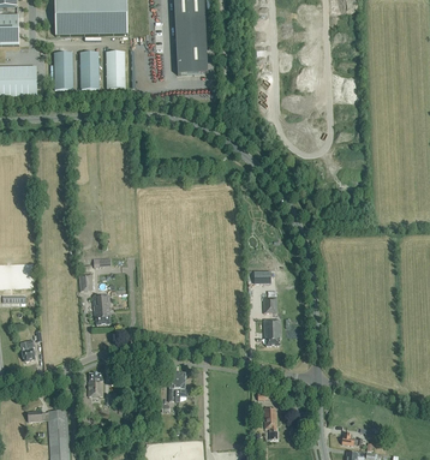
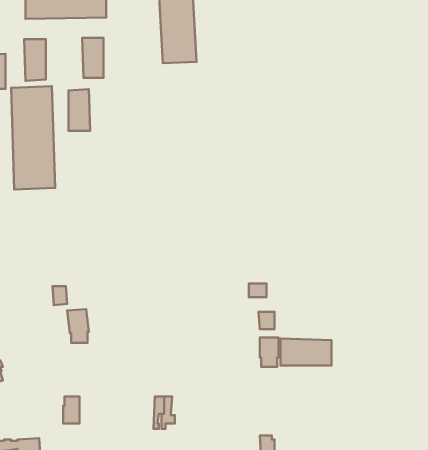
building: [79,52,98,89] -> [69,89,90,131]
building: none -> [11,86,55,189]
building: none -> [281,339,331,366]

